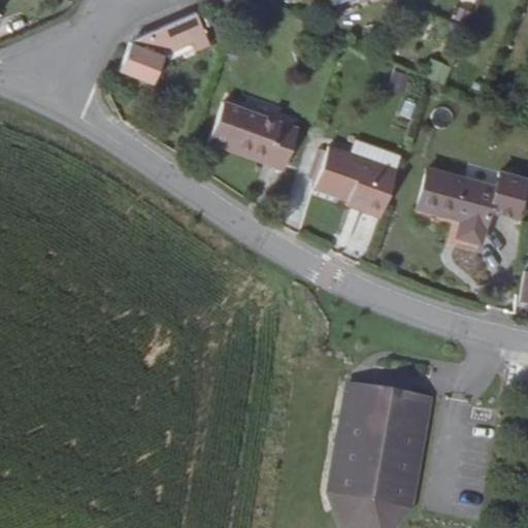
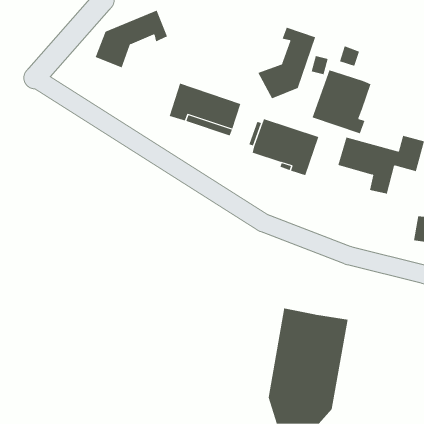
building: none -> [258,27,316,99]
building: none -> [312,69,371,134]

